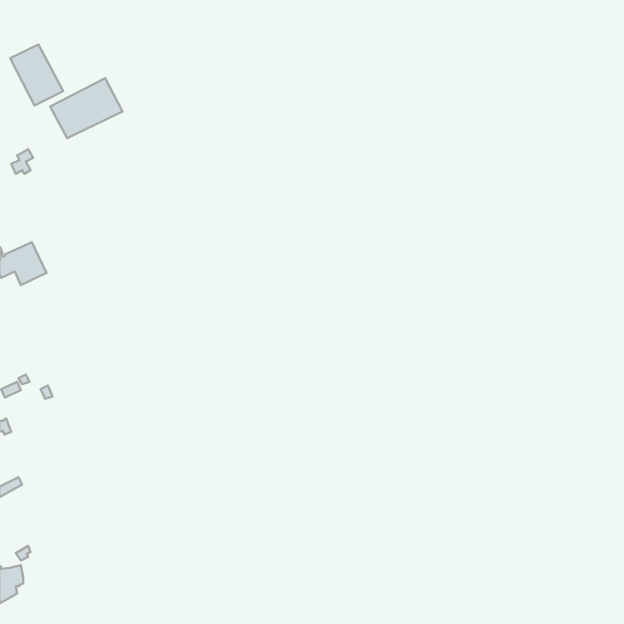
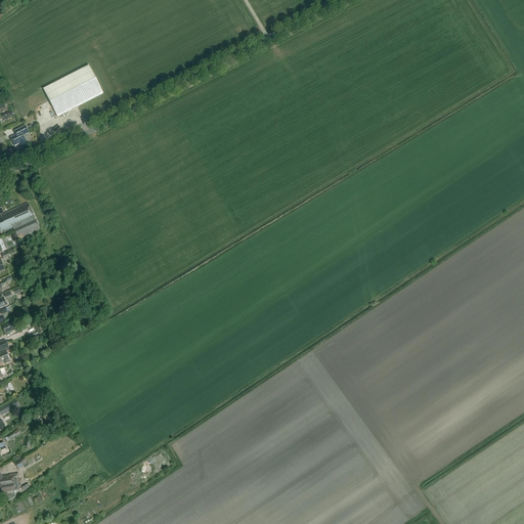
building: [10,44,63,106] -> none

